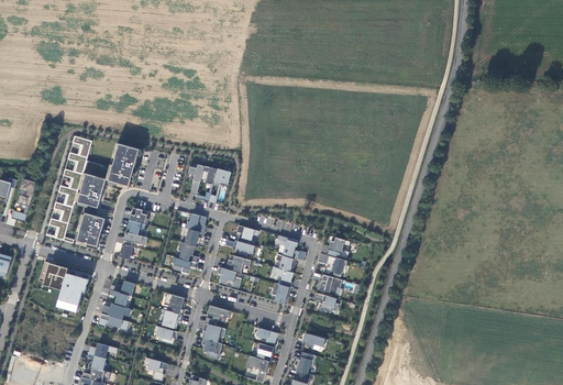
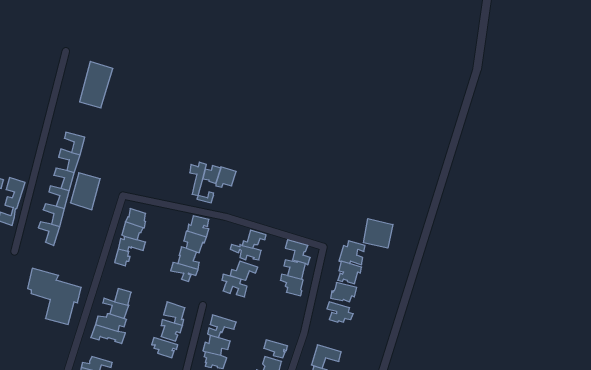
building: [109,143,140,186] -> [80,61,113,108]
building: [77,212,104,246] -> none
building: none -> [364,219,393,248]

